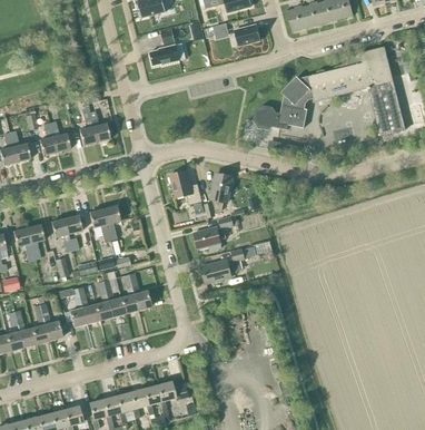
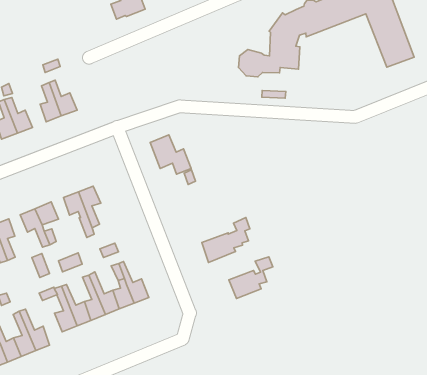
building: [205,174,233,217] -> none
building: [194,216,233,248] -> [229,257,273,299]

